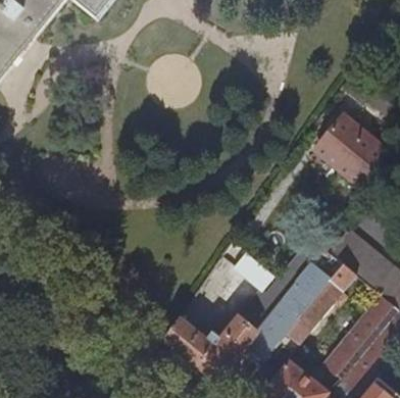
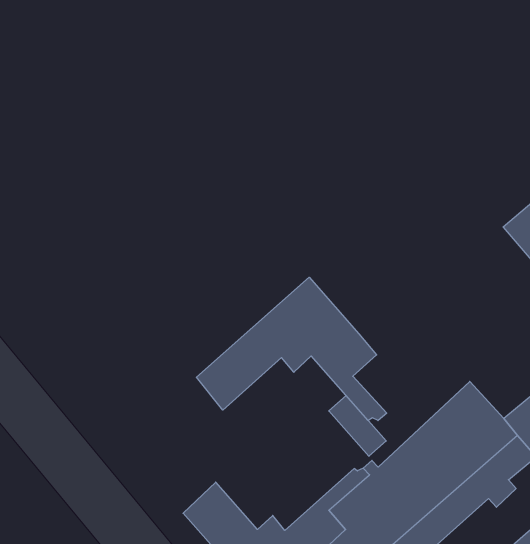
building: none -> [196,277,387,421]

